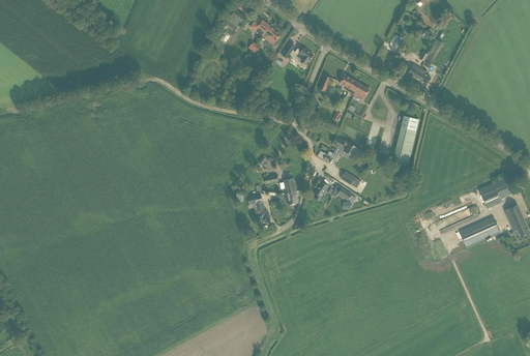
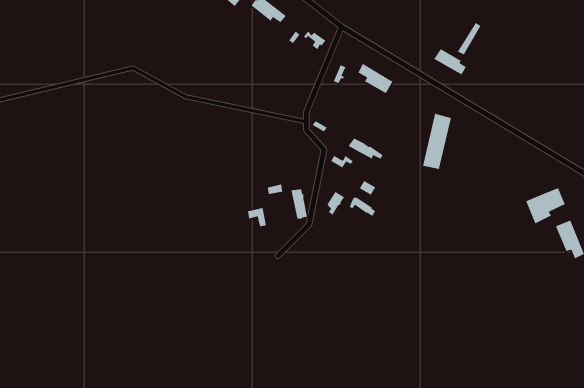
building: [459,214,500,246] -> none

